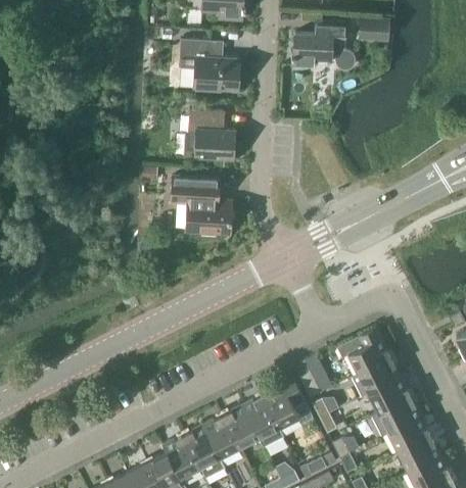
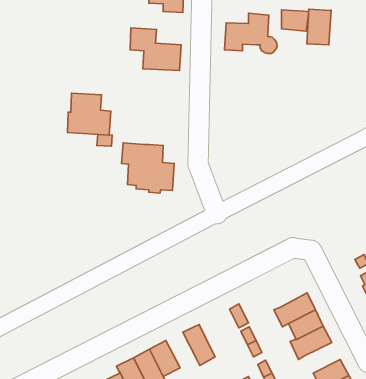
building: none -> [307,9,331,45]
building: [184,109,236,159] -> [67,93,111,135]
building: [336,327,391,374] -> none
building: [262,378,313,427] -> none
building: [222,403,260,446] -> none
building: [388,416,431,452] -> none

